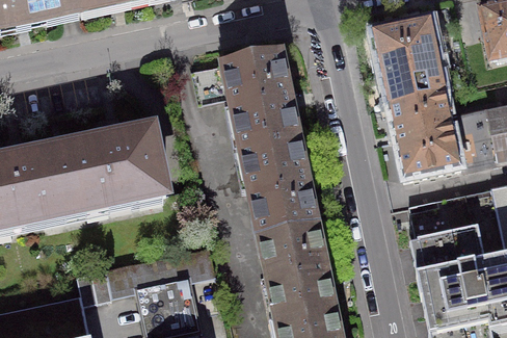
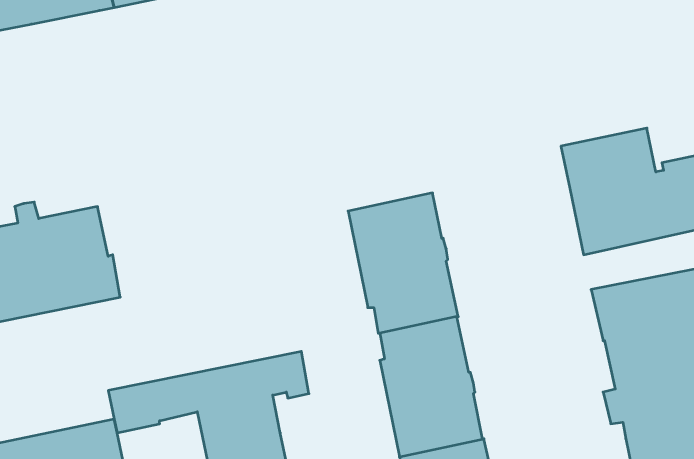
building: [372,19,447,105] -> none
building: [191,50,299,150] -> none
building: [69,124,166,209] -> none

